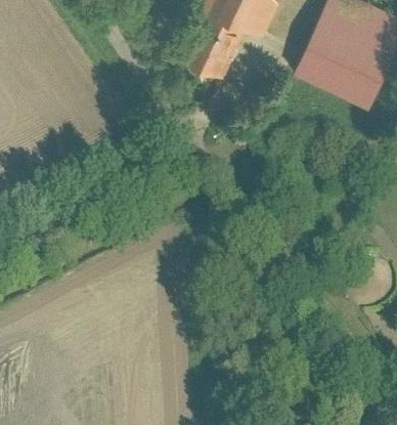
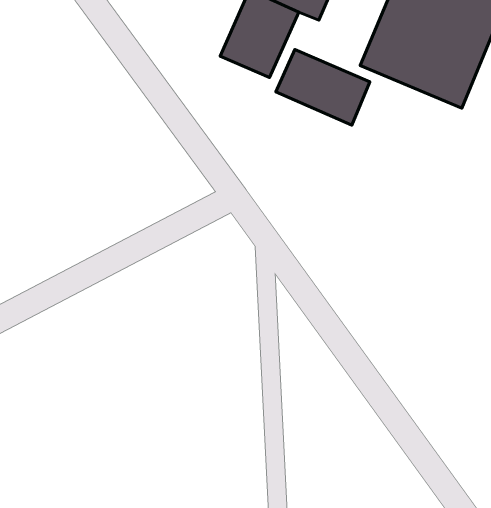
building: none -> [276,49,370,125]

